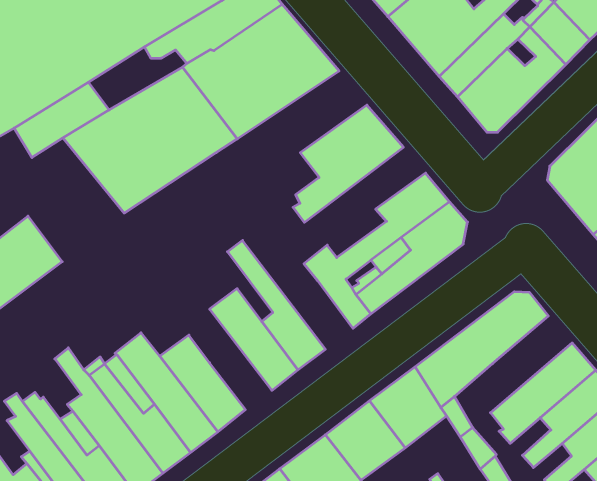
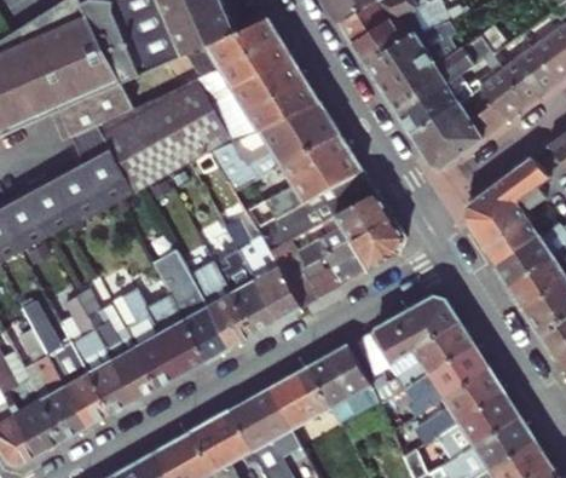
building: none -> [213,102,337,188]
building: none -> [57,123,133,221]
building: none -> [256,169,376,250]
building: none -> [224,219,301,321]
building: none -> [162,249,230,359]
building: none -> [388,319,473,392]

